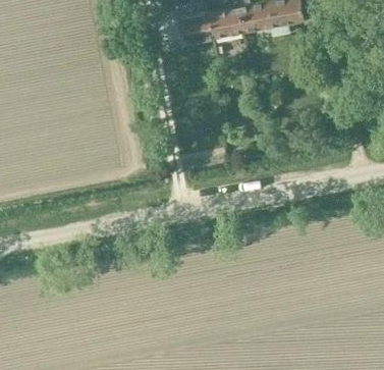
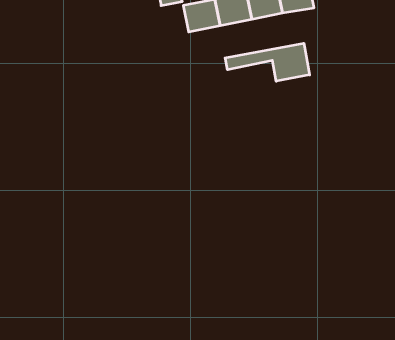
building: none -> [225,43,310,81]

